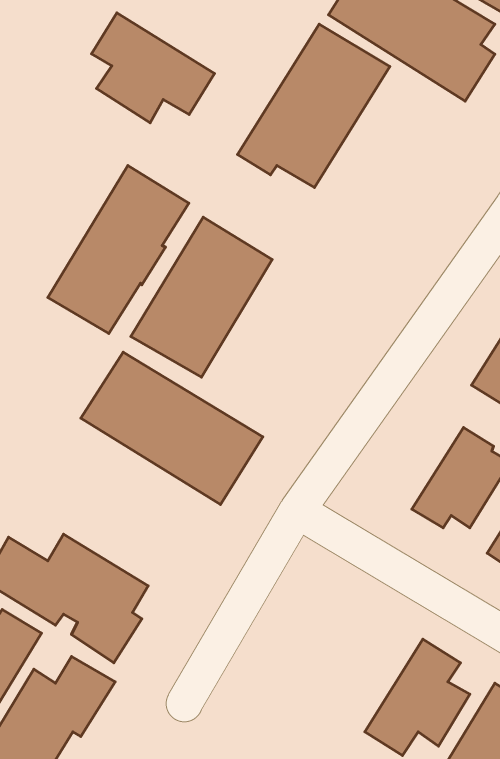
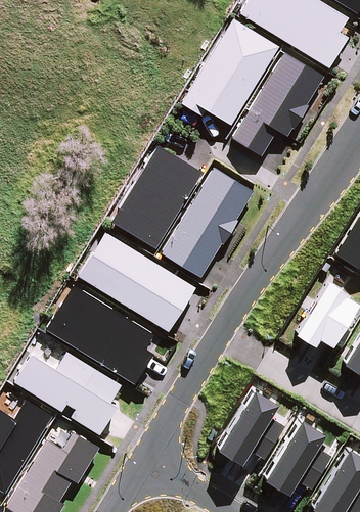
building: [91,13,215,123] -> none
building: none -> [232,53,324,156]
building: [48,166,189,333] -> [162,168,254,277]
building: none -> [46,285,154,384]
building: none -> [216,390,284,465]

